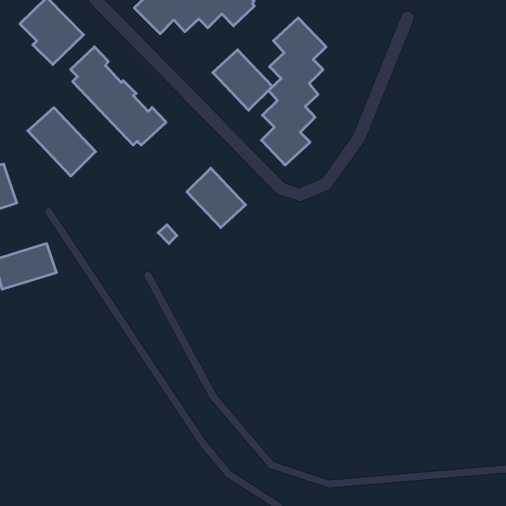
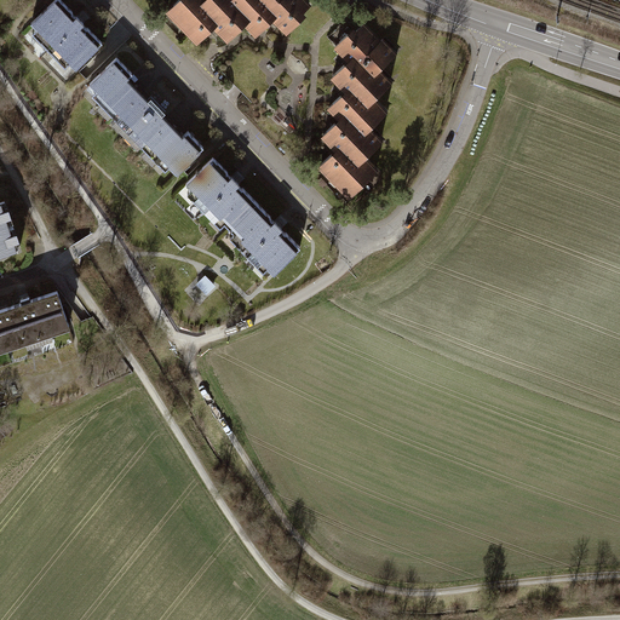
building: [213,50,272,110] -> [184,160,257,234]
building: [28,108,96,176] -> none

